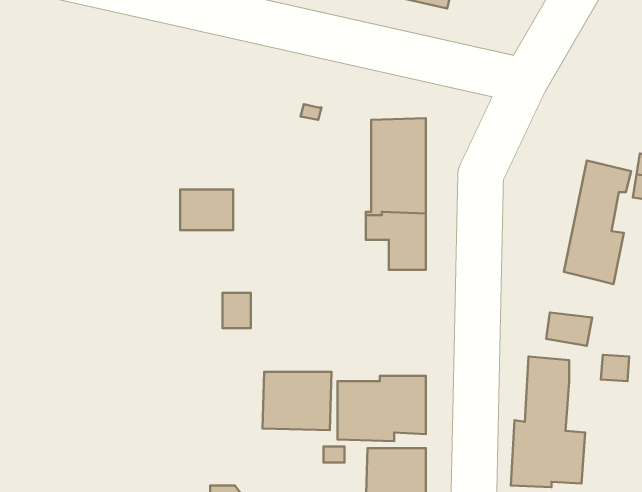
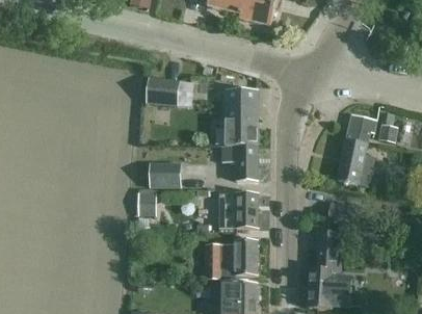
building: none -> [147,77,180,104]
building: [180,190,233,230] -> [150,162,181,186]
building: [263,372,331,430] -> [218,194,259,229]

